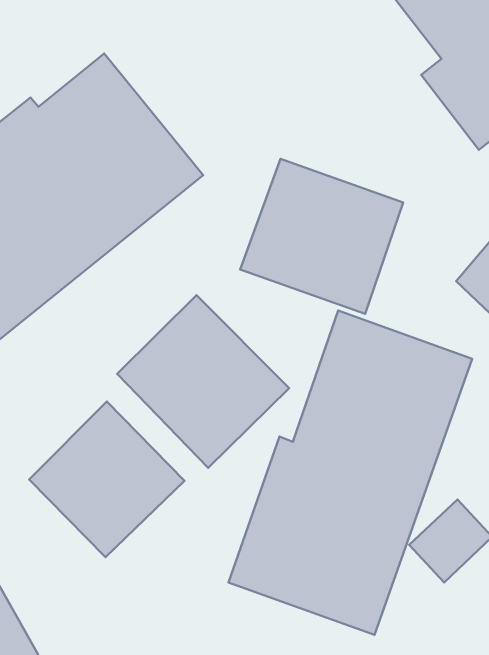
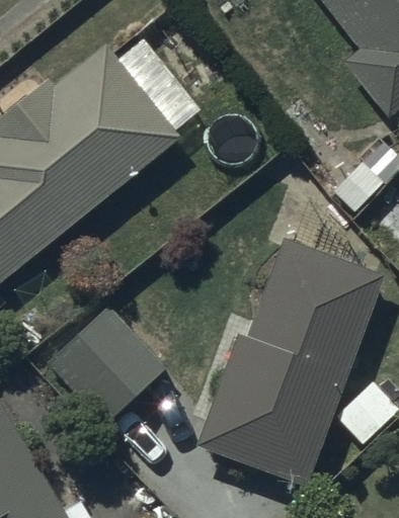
building: [240,159,403,314] -> none
building: [117,295,289,468] -> none

